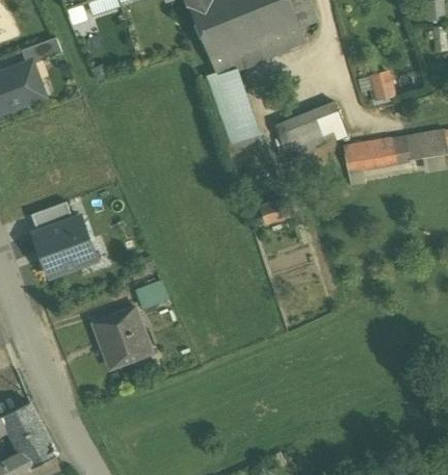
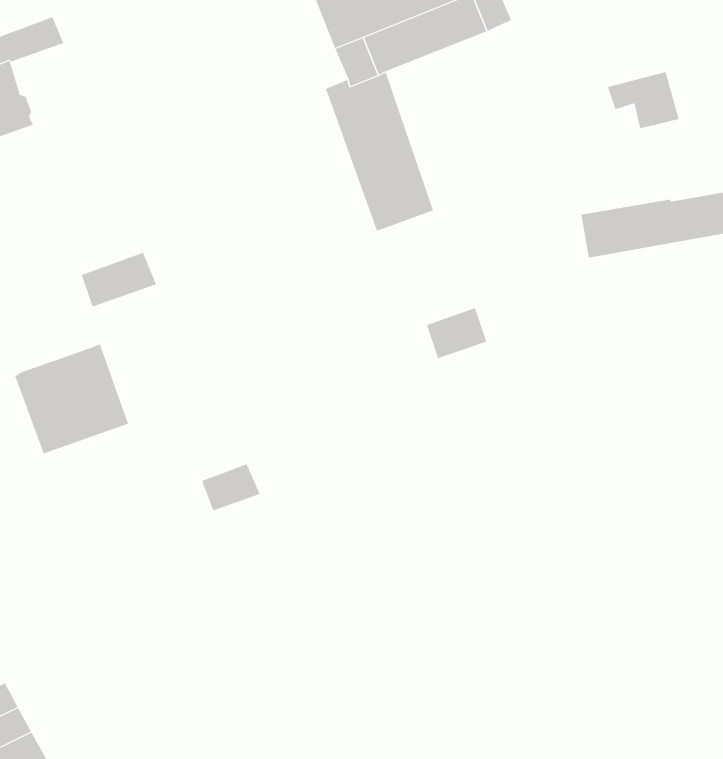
building: [273,103,346,158] -> none
building: [30,202,72,232] -> [81,252,157,307]
building: [91,308,151,367] -> none

